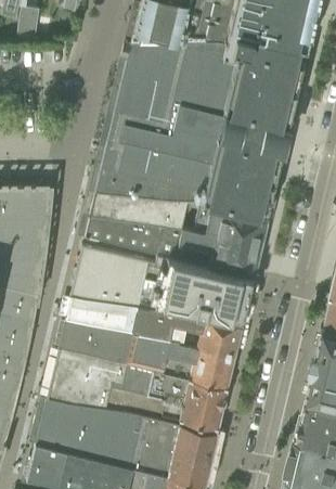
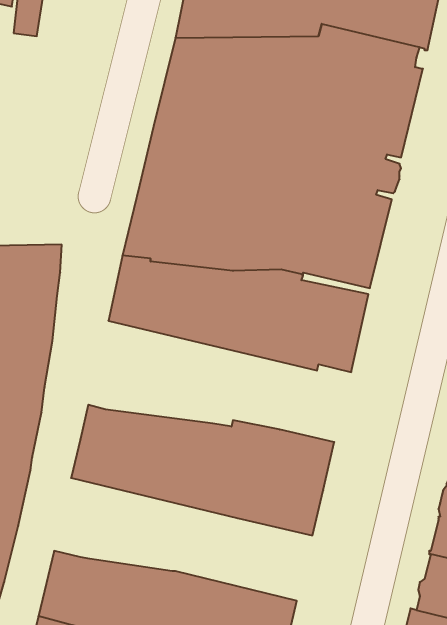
building: [68,246,254,323] -> none
building: [44,348,224,429] -> none

